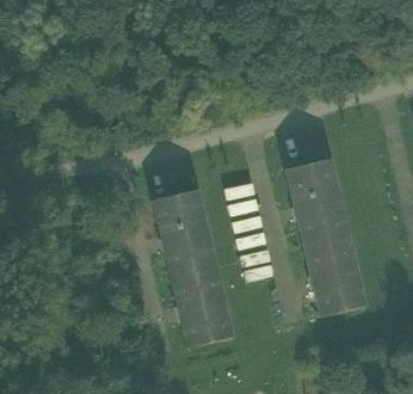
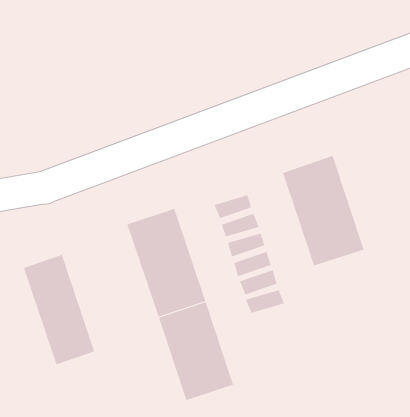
building: none -> [23,254,95,365]
building: [302,236,362,315] -> none

